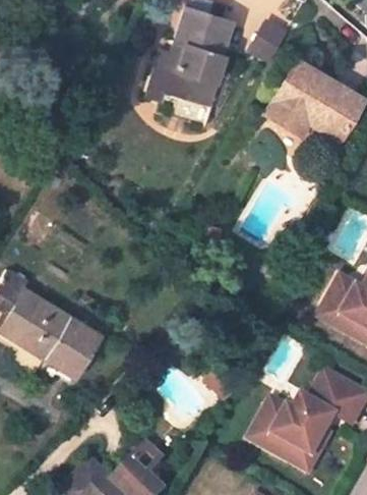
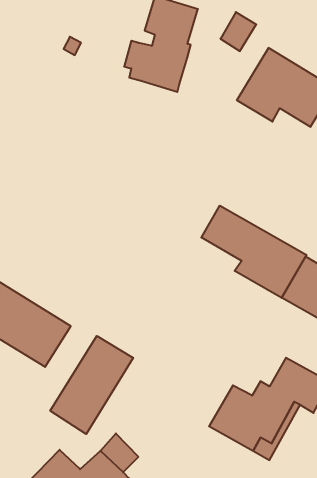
building: none -> [201,206,306,298]
building: none -> [50,336,133,434]

